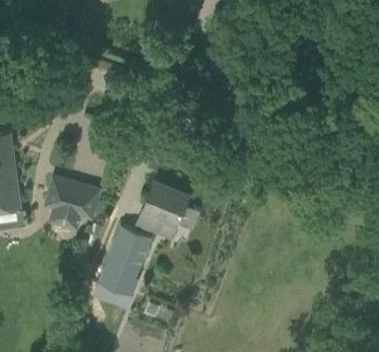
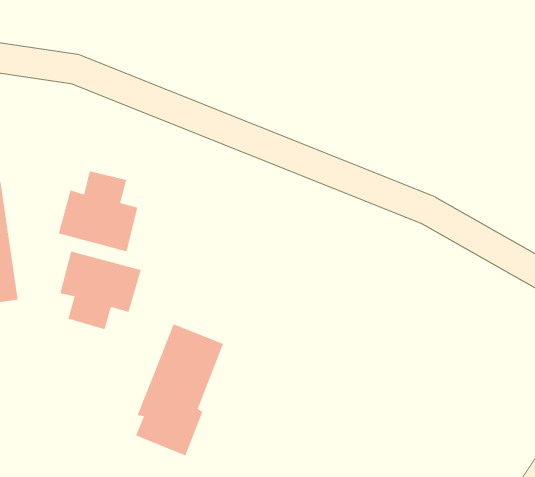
building: none -> [58,170,138,252]
building: [135,183,188,241] -> none

